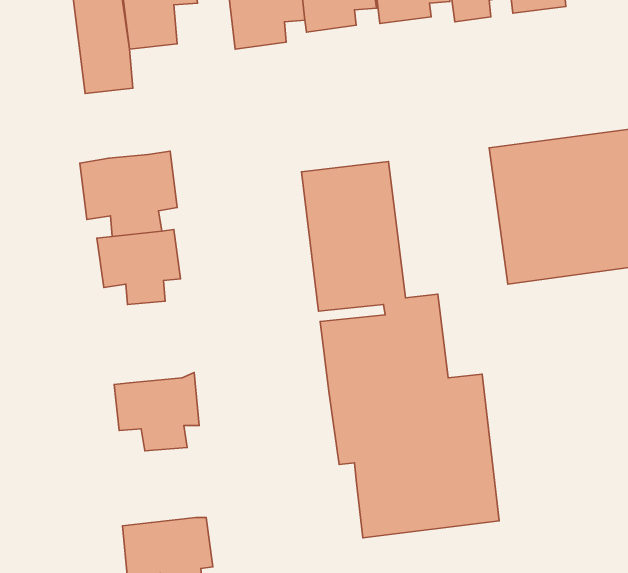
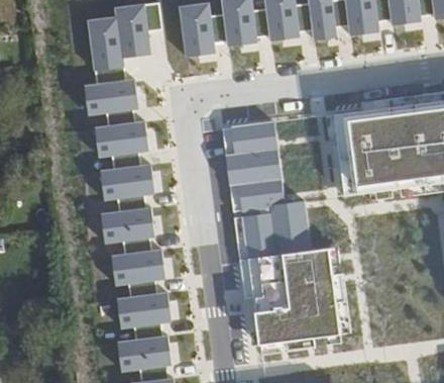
building: none -> [86,79,136,121]
building: none -> [98,204,155,255]
building: none -> [116,291,170,338]

